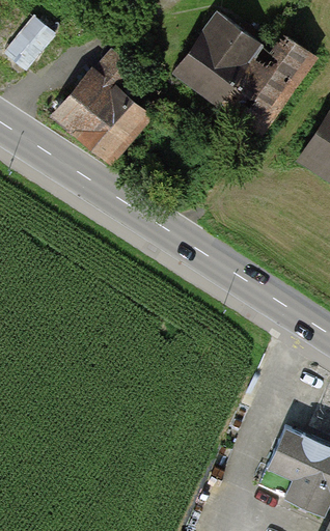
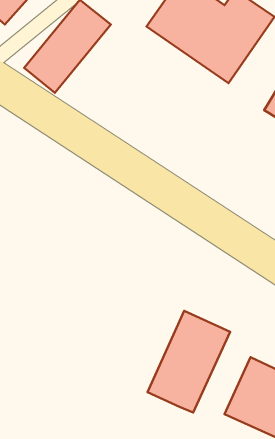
building: [85,92,148,157] -> none
building: none -> [147,311,230,413]

